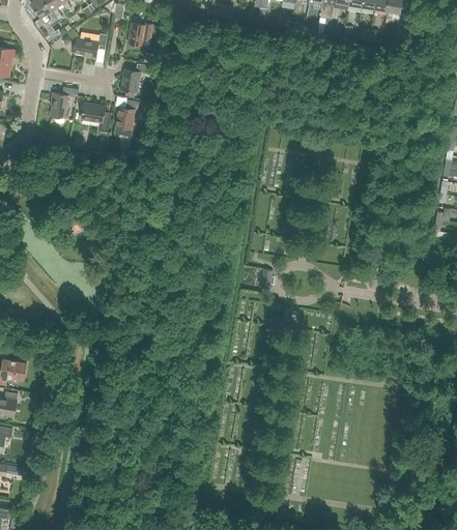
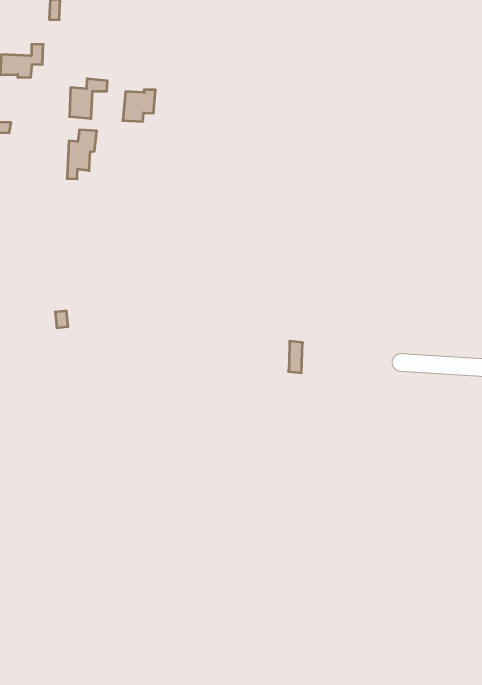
building: [126,23,152,46] -> [123,90,156,121]
building: [81,102,110,132] -> none

